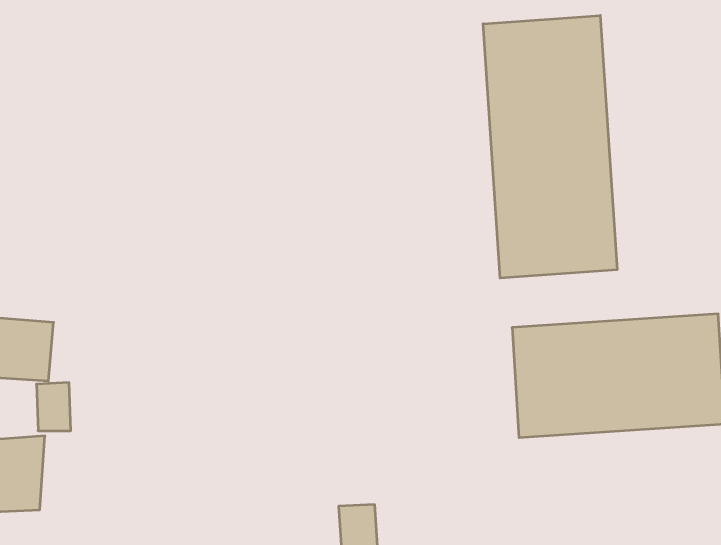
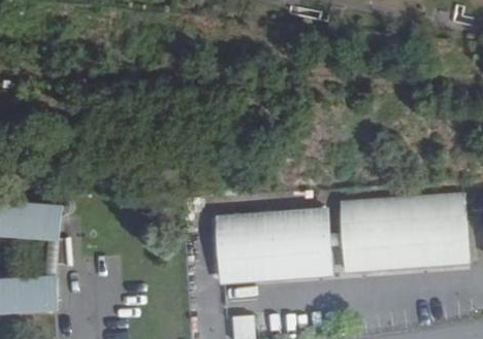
building: [483,15,617,278] -> none
building: none -> [215,208,331,280]

